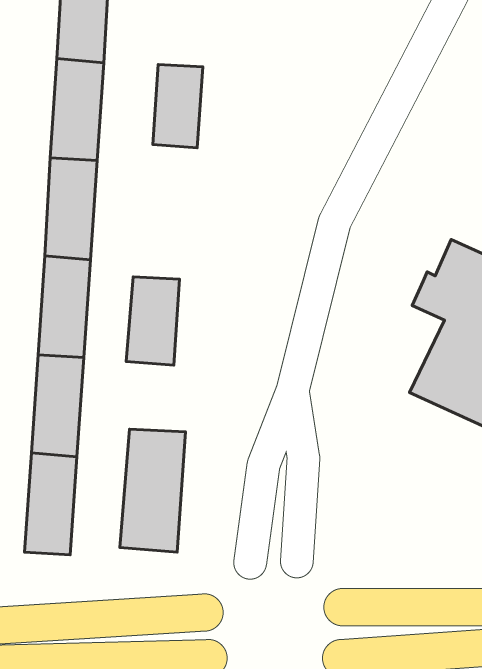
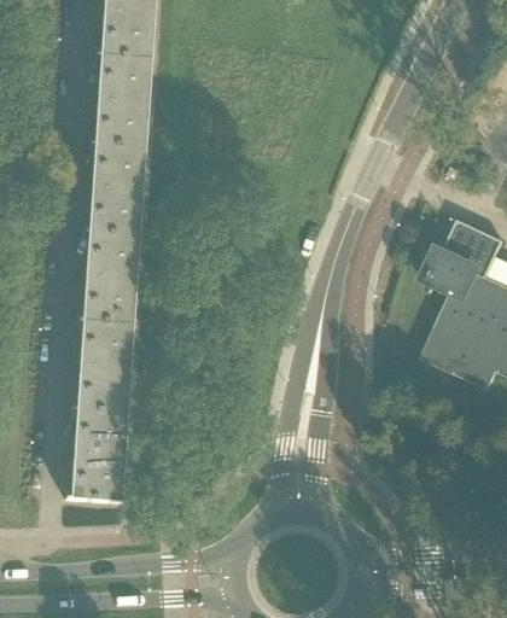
building: [153,65,203,148] -> none
building: [126,277,180,365] -> none
building: [120,429,185,552] -> none

